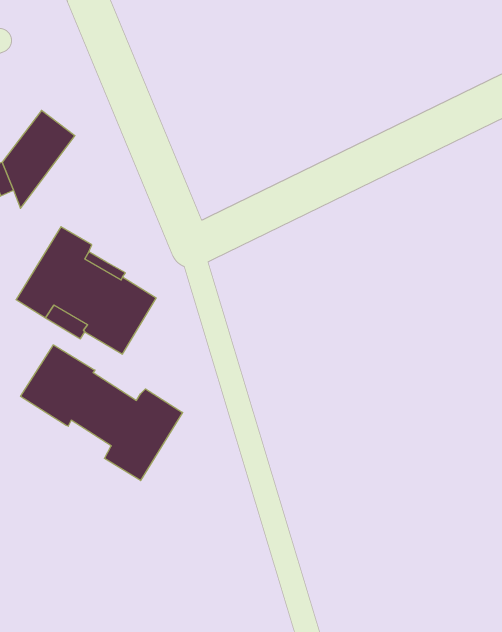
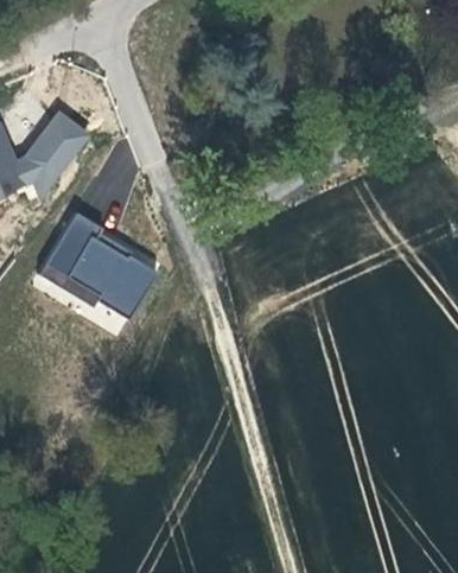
building: [21,345,183,481] -> none

